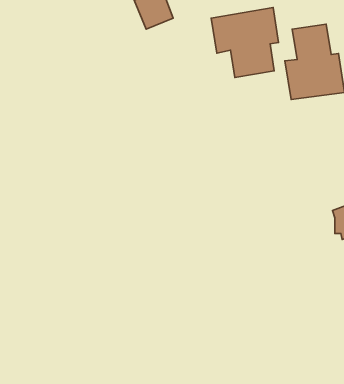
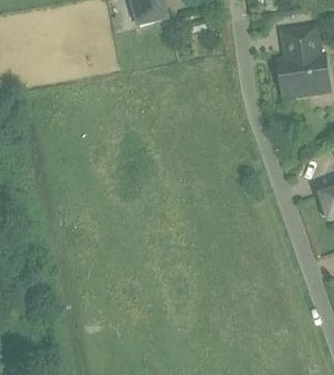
building: [211,8,279,77] -> none

